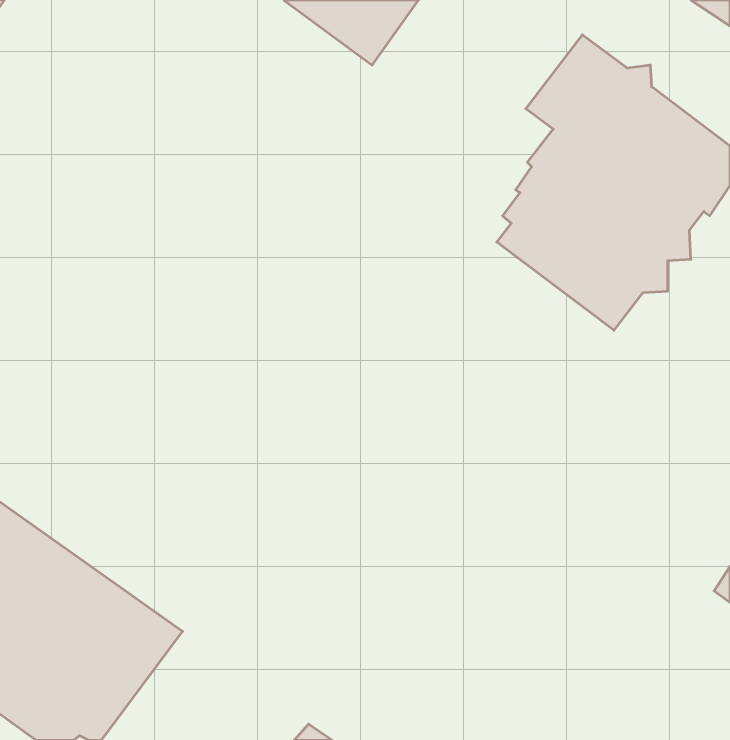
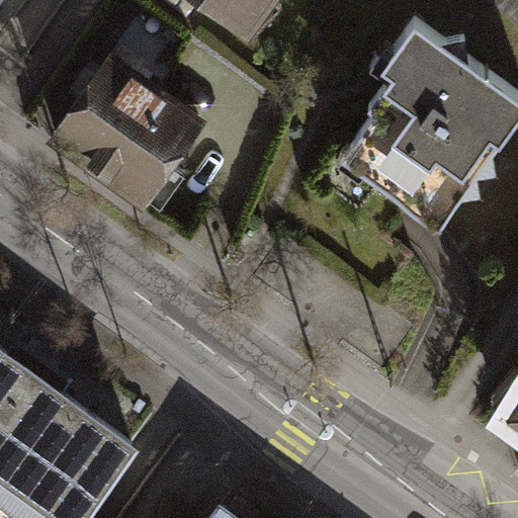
building: none -> [55,50,212,205]

